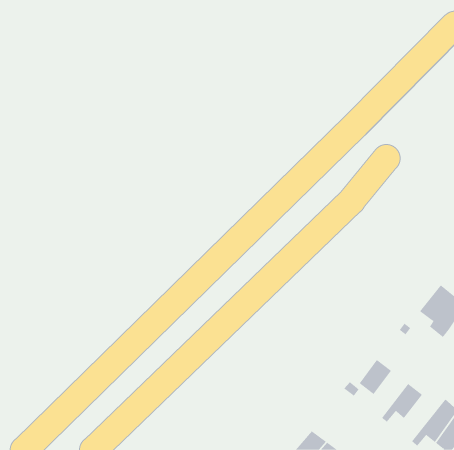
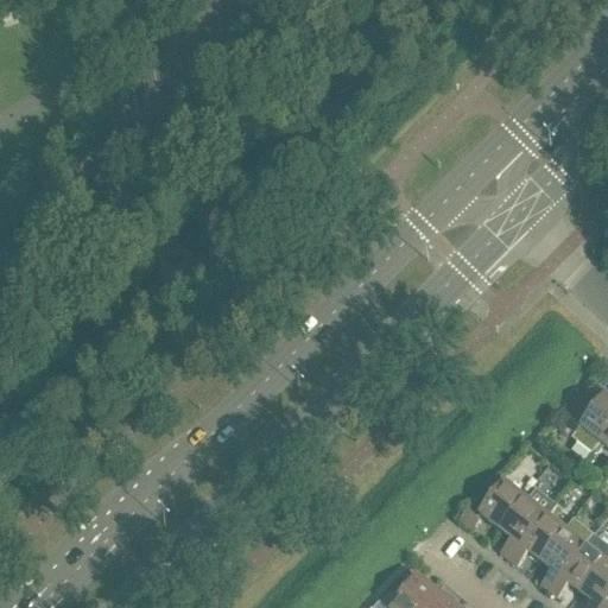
building: none -> [500,487,553,558]
building: none -> [540,517,595,589]

